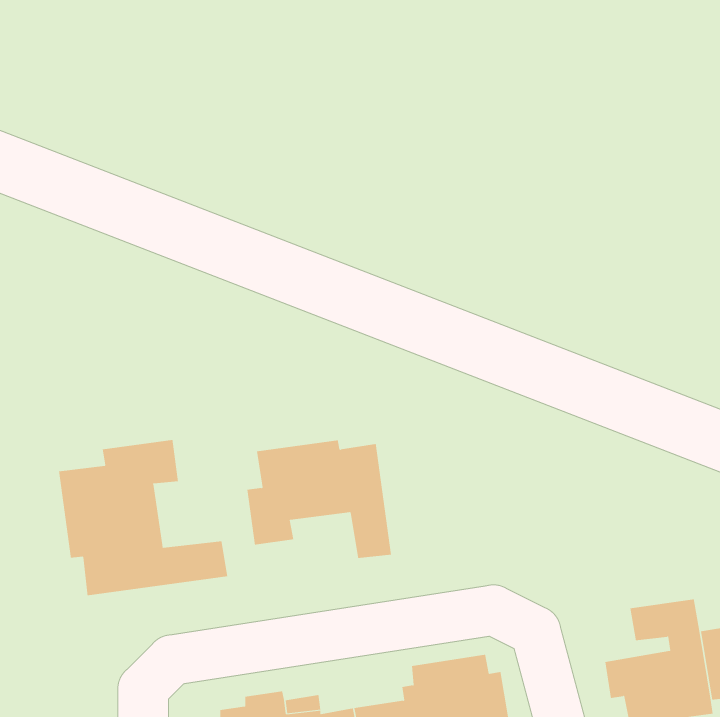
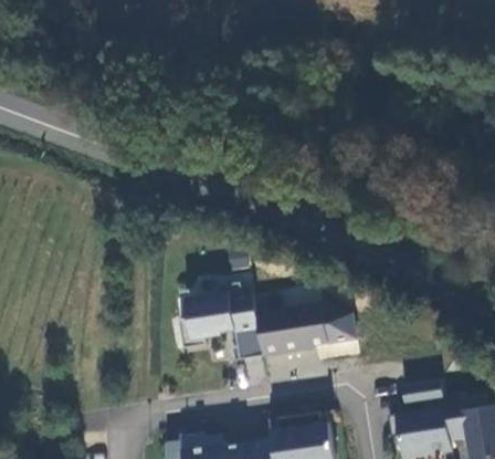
building: [58,439,228,596] -> none
building: none -> [257,303,358,357]

